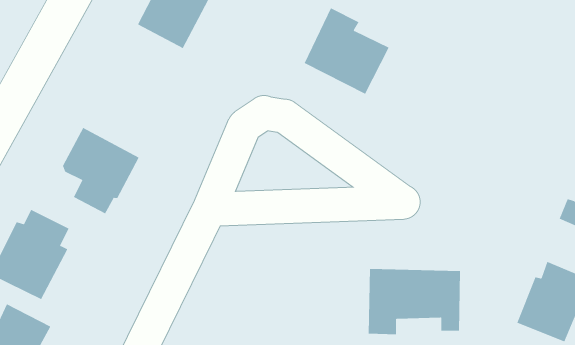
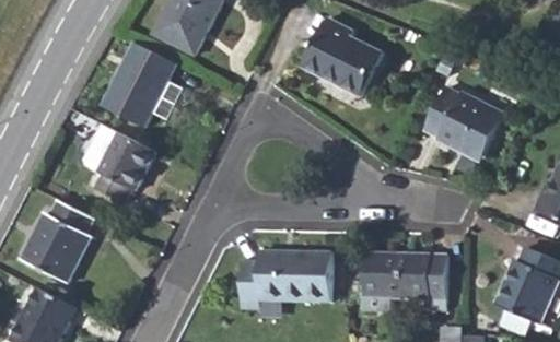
building: none -> [105,44,185,128]
building: none -> [427,89,508,161]
building: none -> [238,251,329,307]

